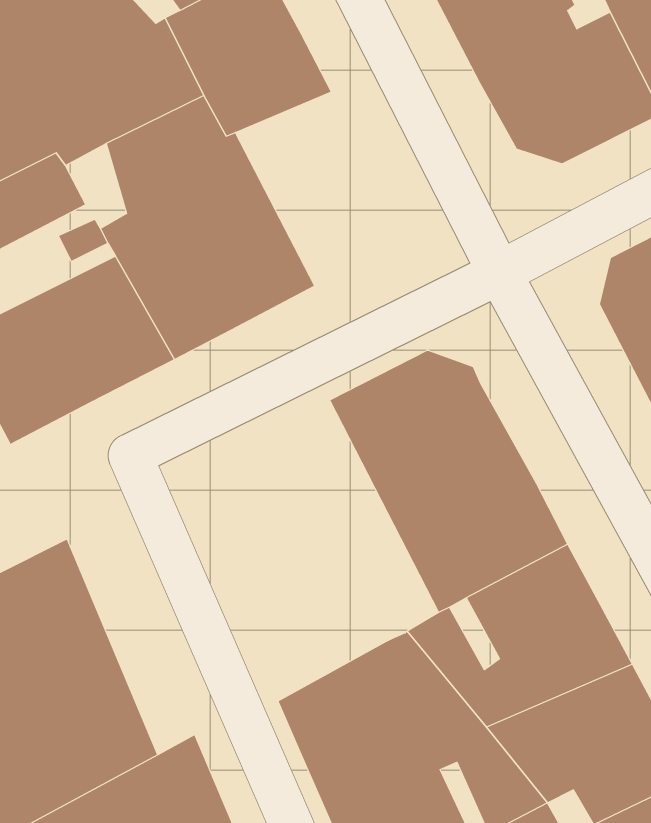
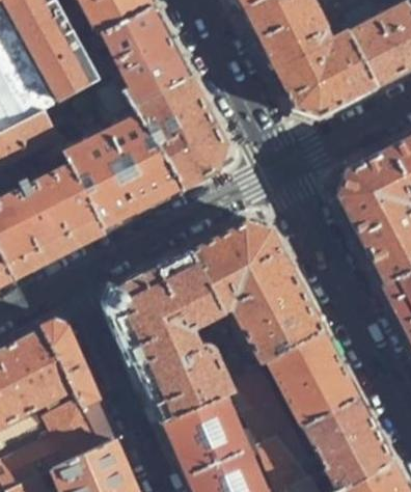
building: none -> [136,76,225,185]
building: none -> [111,249,250,418]
building: none -> [42,321,113,448]

